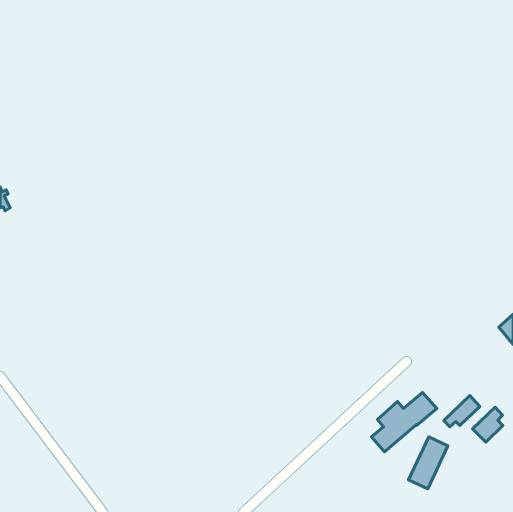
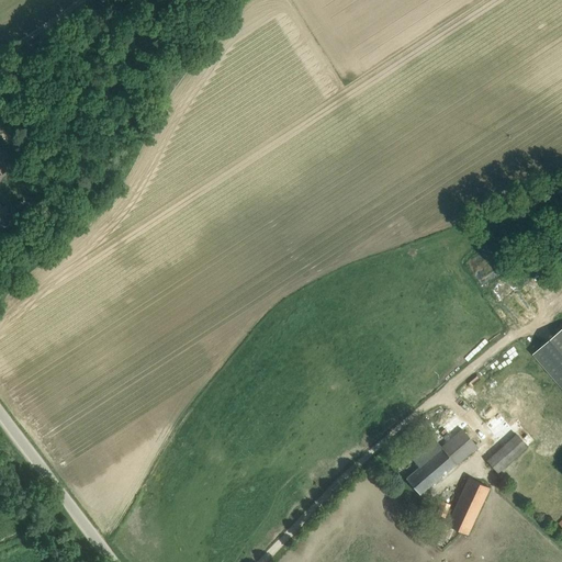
building: [473,407,503,442] -> none

